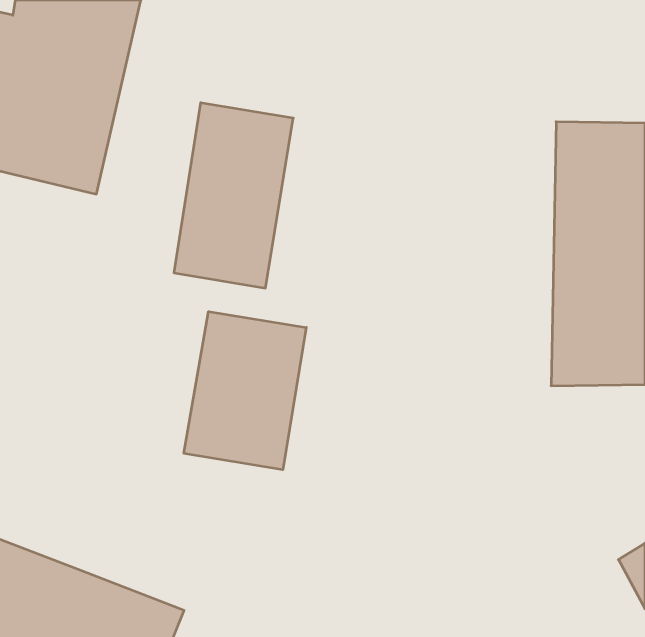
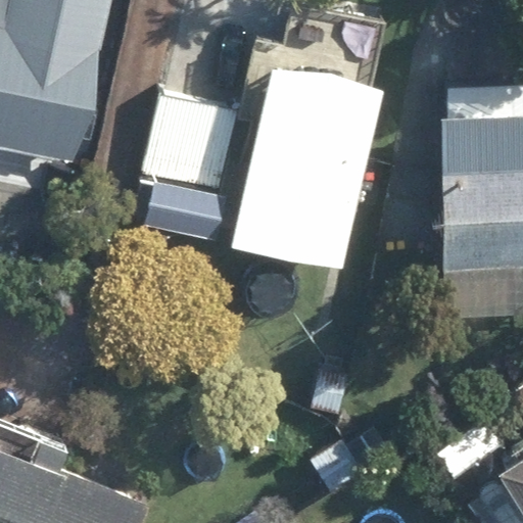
building: none -> [235,56,382,265]
building: [184,312,306,470] -> none

